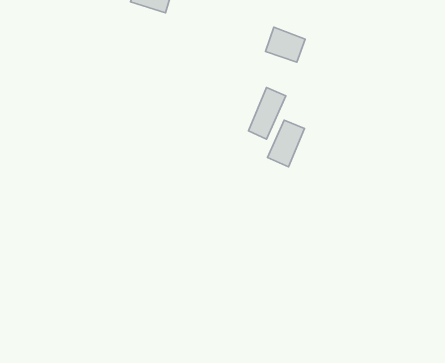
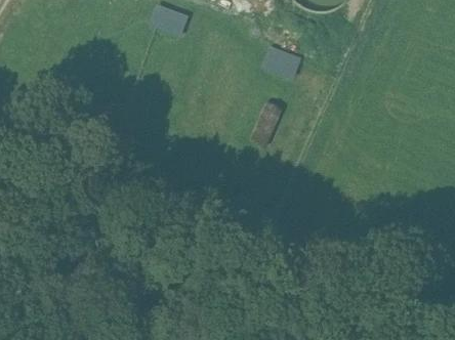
building: [268,120,304,167] -> none

